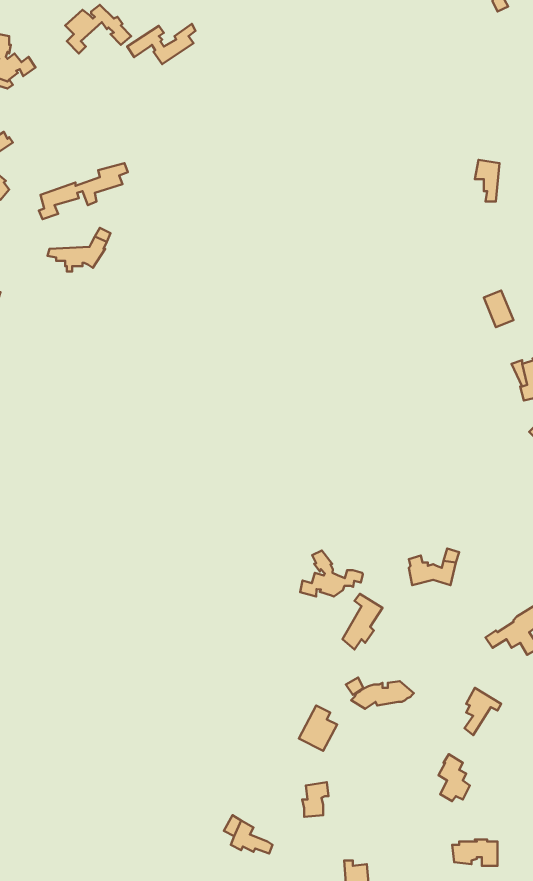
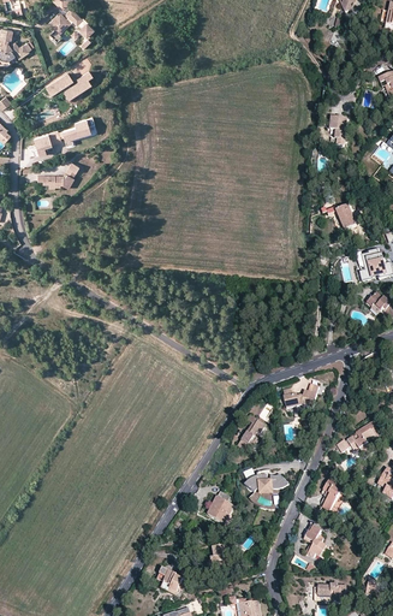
building: [127,24,195,64] -> [46,71,93,99]
building: [300,550,363,597] -> none

